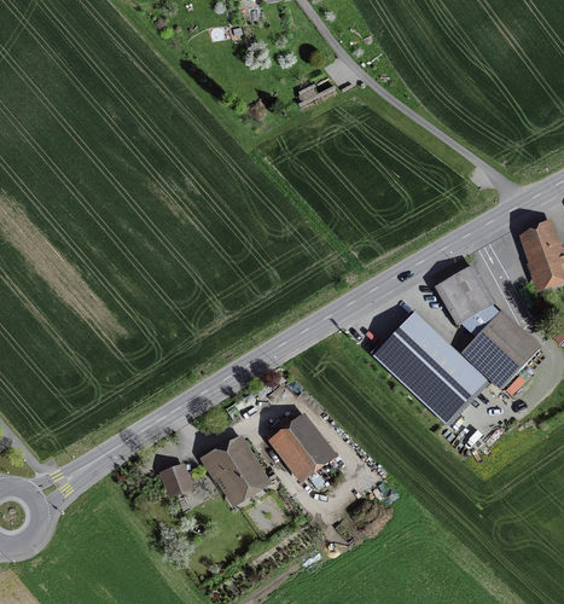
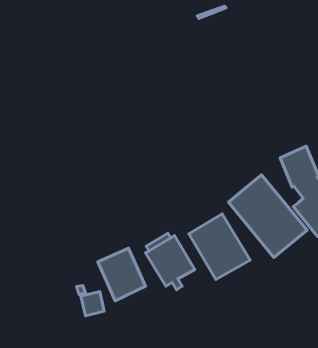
building: none -> [189,214,250,279]
building: [159,461,194,498] -> [81,291,104,316]

